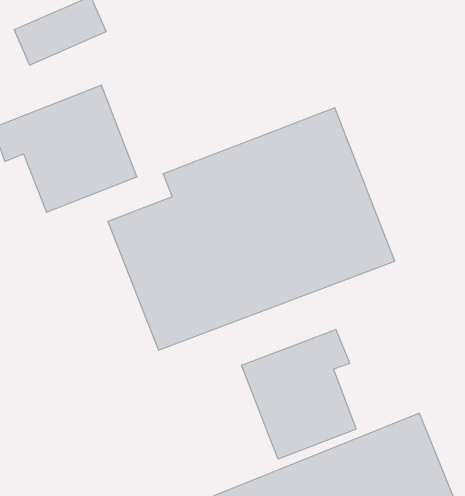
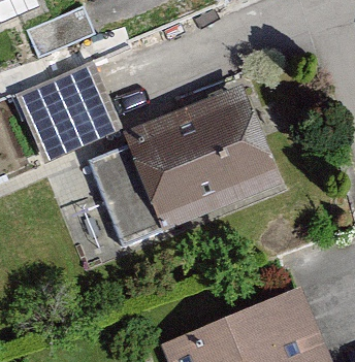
building: [242,329,356,459] -> none

